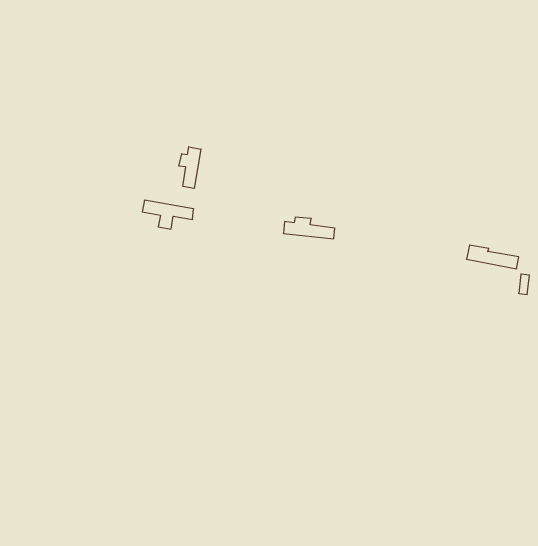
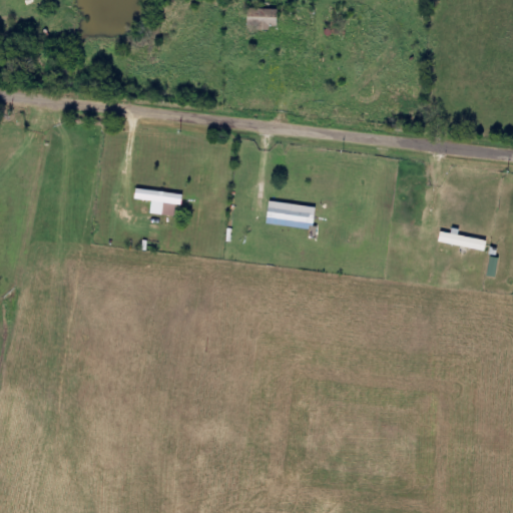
building: none -> [246,8,278,29]
building: [179,147,201,188] -> none

